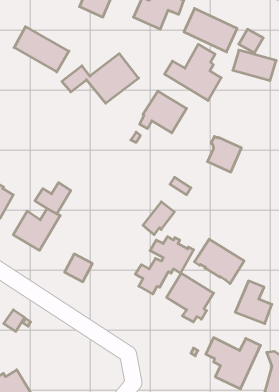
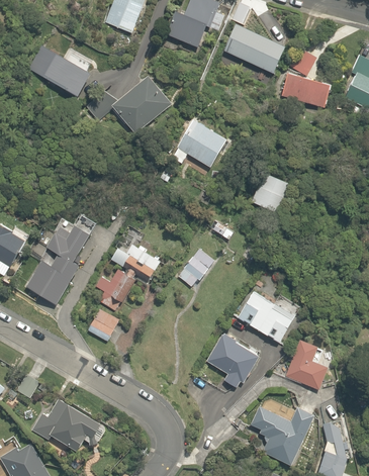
building: [165,44,221,101] -> none
building: [135,237,194,294] -> [93,244,161,310]
building: none -> [31,398,104,451]

